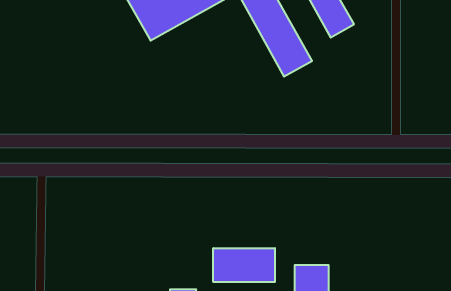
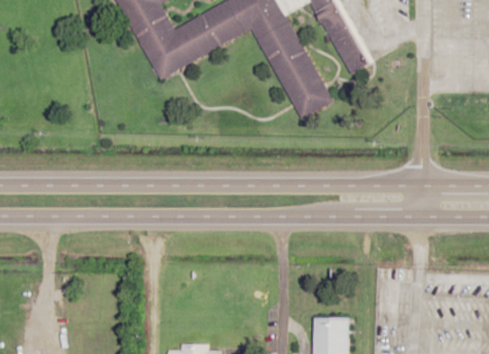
building: [213,248,275,282] -> none

